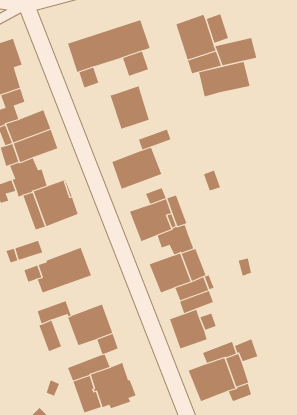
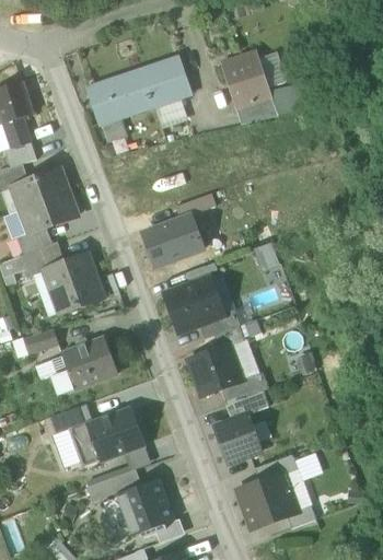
building: [199,61,250,97] -> none
building: [110,85,150,130] -> none
building: none -> [69,420,101,465]

